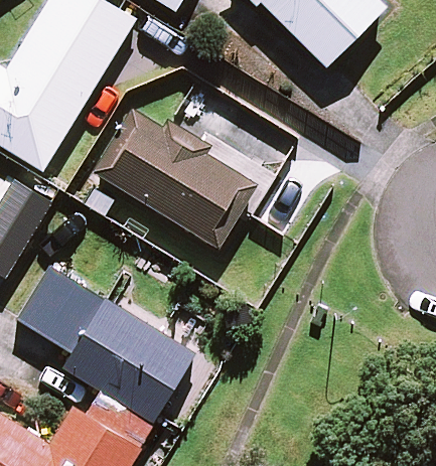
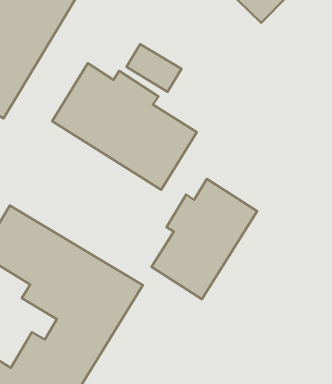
building: none -> [152,179,257,299]

